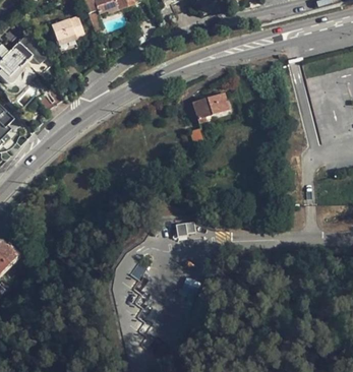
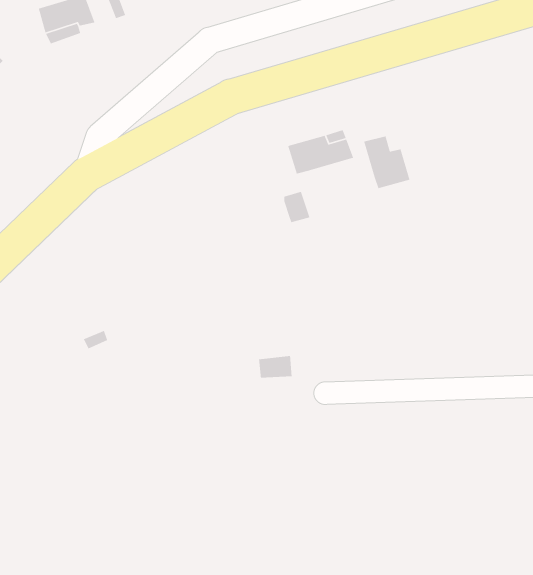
building: none -> [363,136,411,189]

